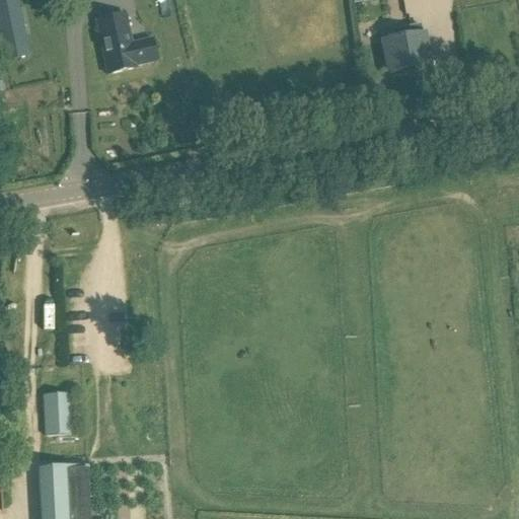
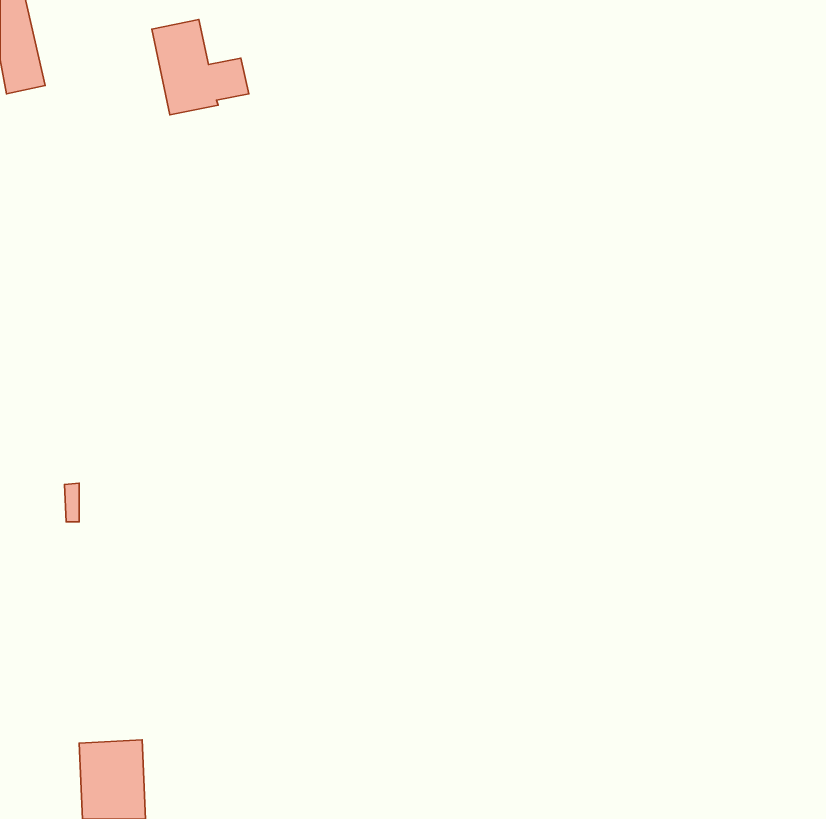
building: [383,20,428,70] -> none
building: [44,392,70,434] -> none

